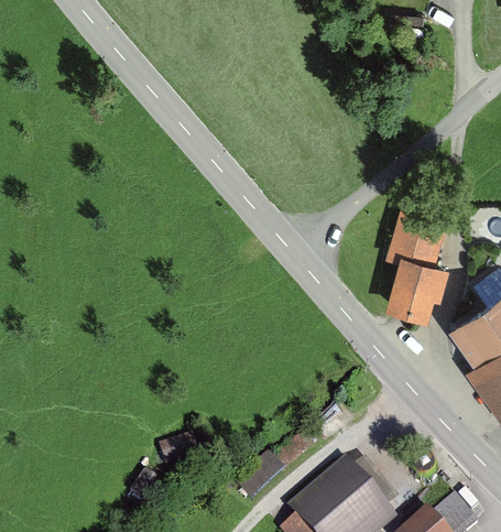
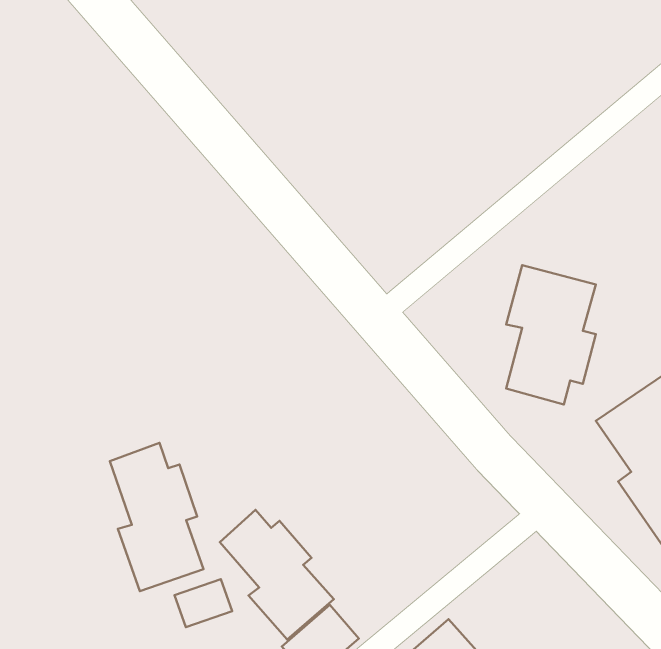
building: none -> [110,443,204,591]
building: none -> [220,510,334,639]

